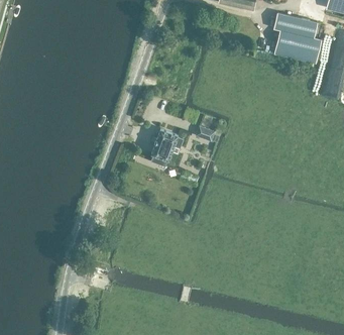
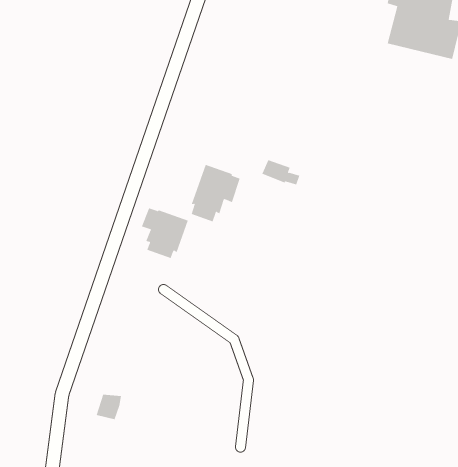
building: none -> [141,208,188,259]

